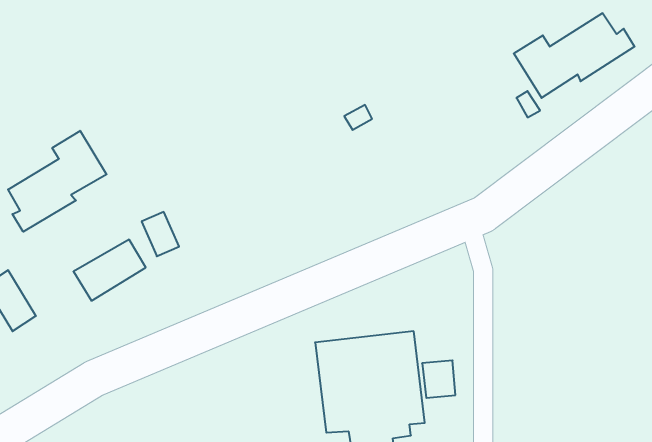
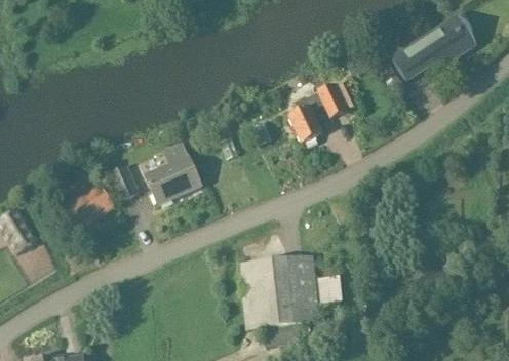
building: none -> [288,82,347,143]
building: [8,131,107,232] -> none
building: none -> [145,141,201,203]

